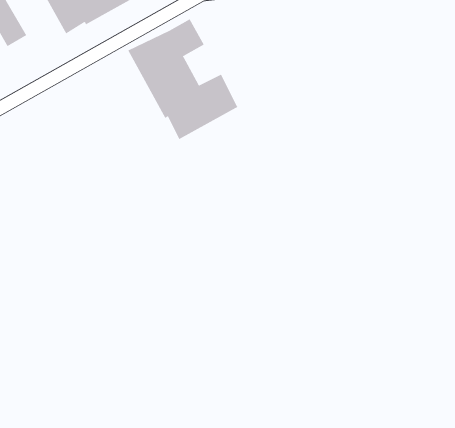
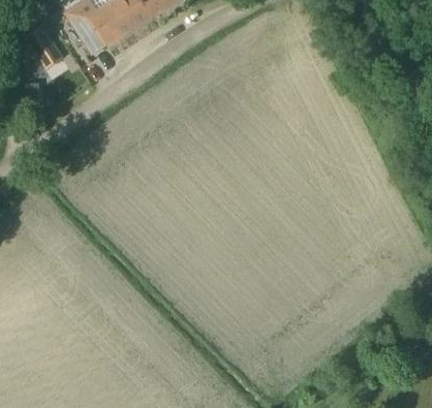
building: [128,19,240,140] -> none

